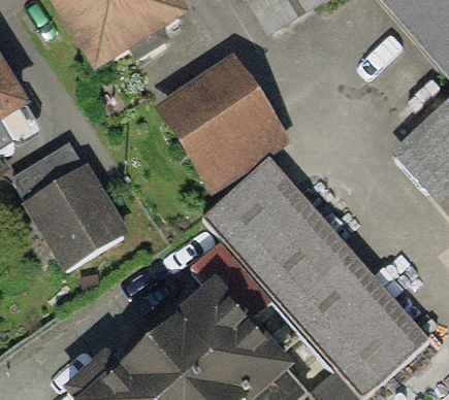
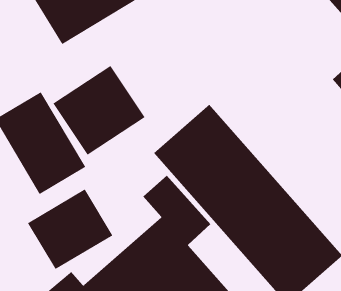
building: [167,67,278,174] -> [53,65,145,155]
building: none -> [27,189,113,270]

